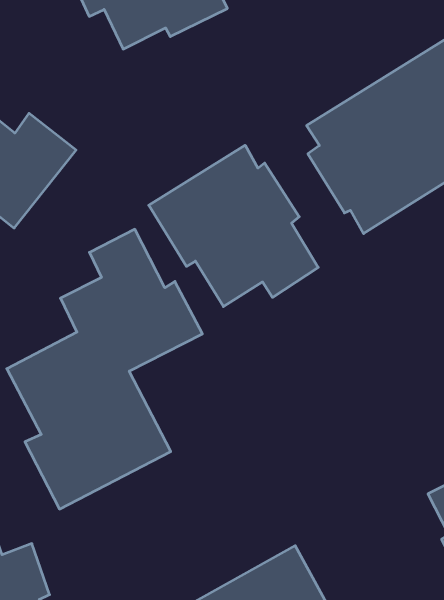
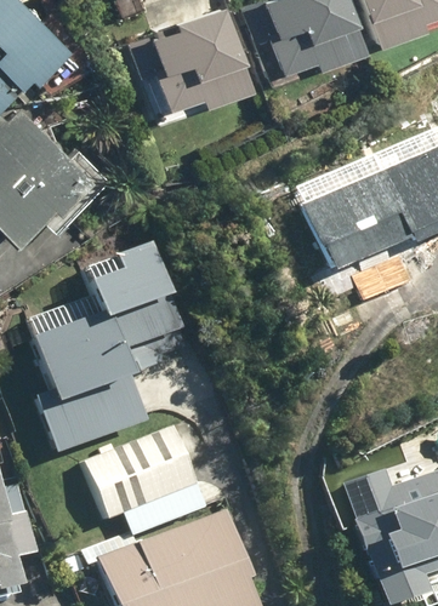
building: [149,145,318,307] -> none
building: none -> [90,424,207,520]

